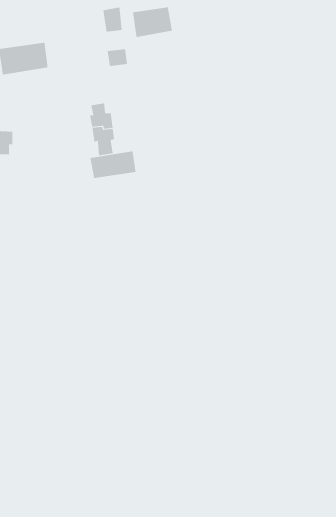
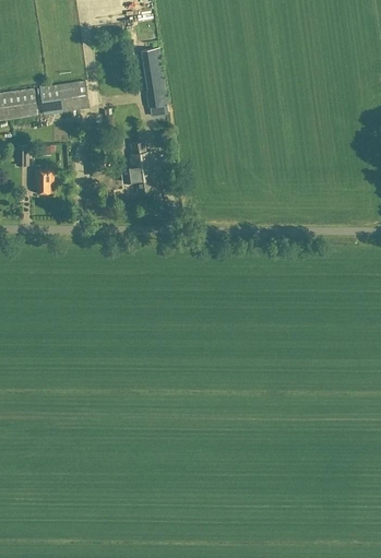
building: [132,7,172,38] -> none
building: [90,150,136,179] -> none

